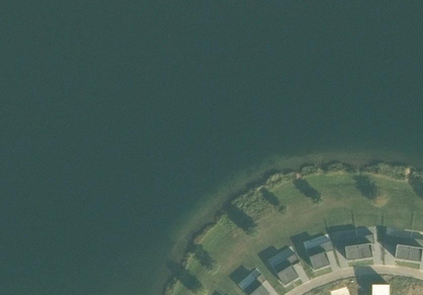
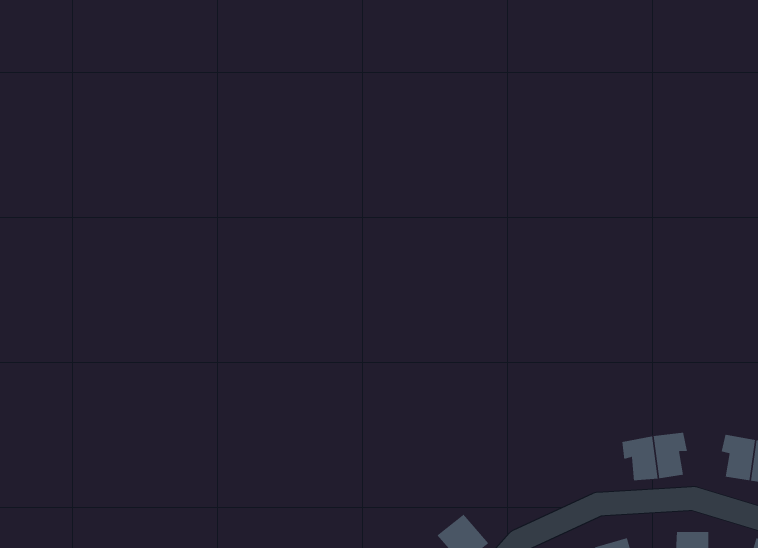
building: [306,239,329,266] -> none
building: [273,254,298,281] -> none

